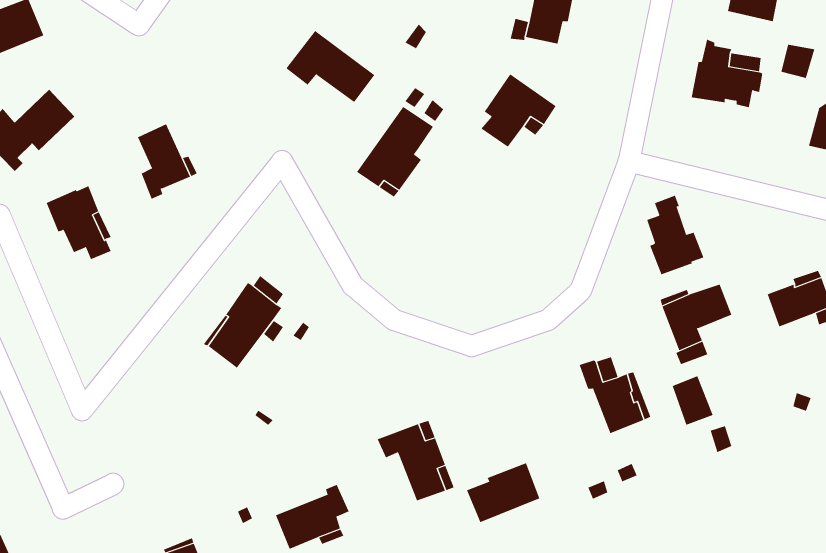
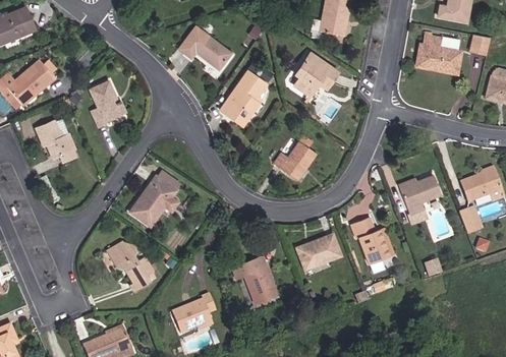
building: [646,195,704,275] -> none
building: none -> [273,135,316,180]
building: [672,376,713,426] -> [460,205,485,235]
building: none -> [106,241,153,291]
building: [466,462,540,523] -> [296,234,340,270]

